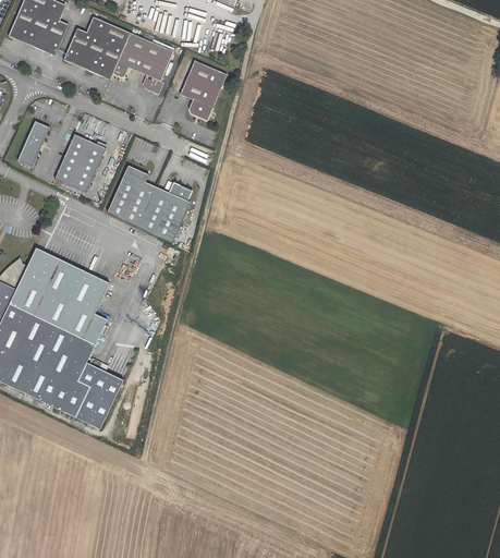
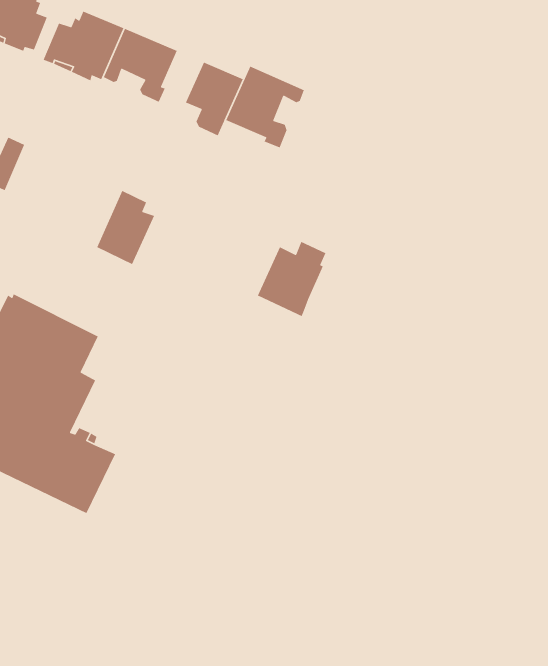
building: none -> [225,66,305,149]
building: [54,134,106,192] -> none
building: [136,181,193,243] -> [257,241,326,317]

